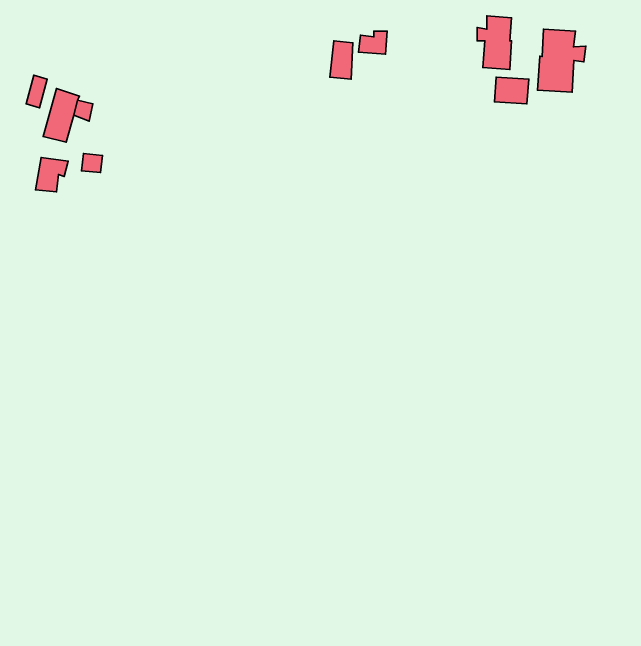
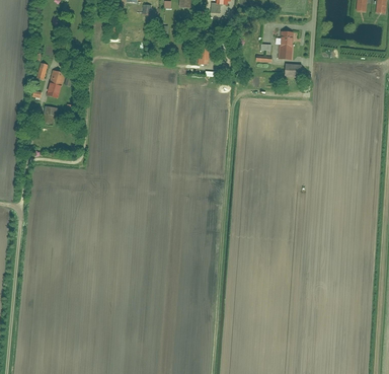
building: [538,29,586,92] -> none

